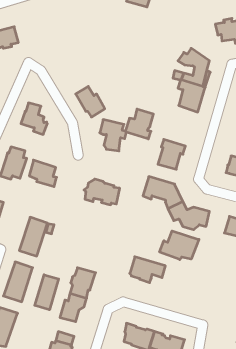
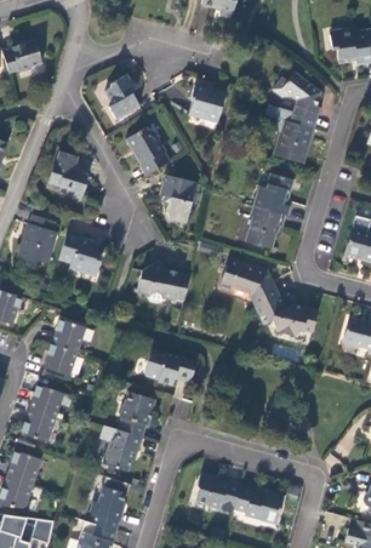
building: none -> [103,74,137,118]
building: none -> [193,86,228,124]
building: [125,109,153,139] -> [255,172,296,216]
building: [160,231,199,260] -> none
building: [130,257,165,283] -> [143,348,195,386]
building: [35,275,59,310] -> none

